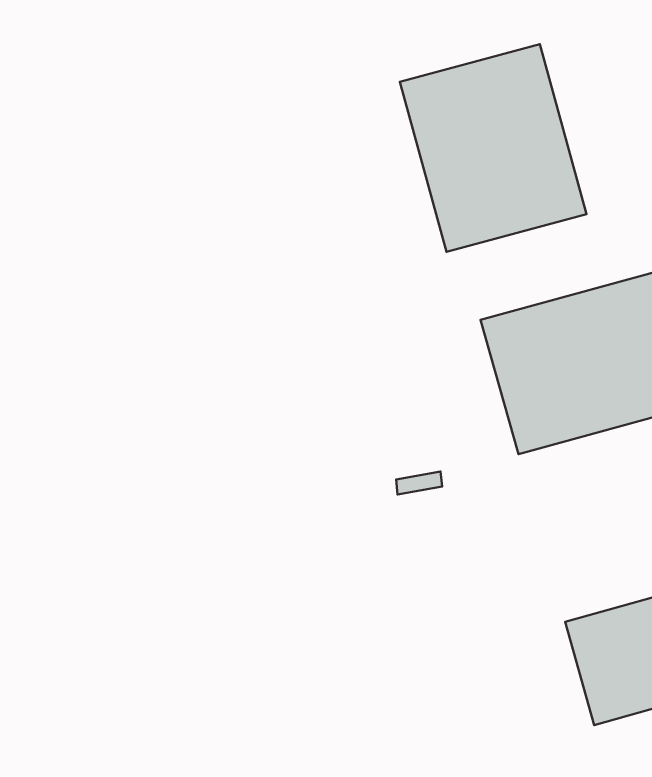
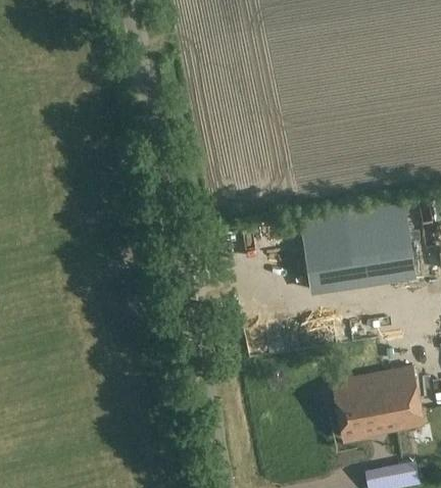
building: [400,44,586,252] -> none

